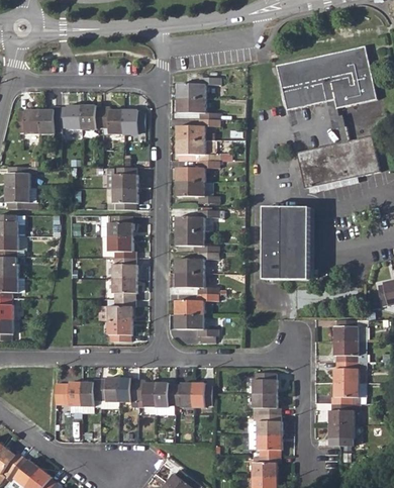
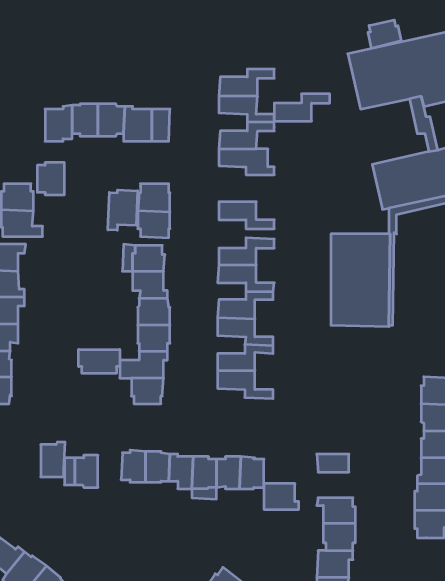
building: none -> [368,20,401,48]
building: [17,109,38,134] -> [37,163,64,195]
building: [175,161,218,182] -> [274,94,330,121]
building: none -> [108,190,138,230]
building: none -> [79,349,120,373]
building: [80,379,99,406] -> [41,442,65,477]
building: [253,394,280,414] -> [264,484,299,509]

